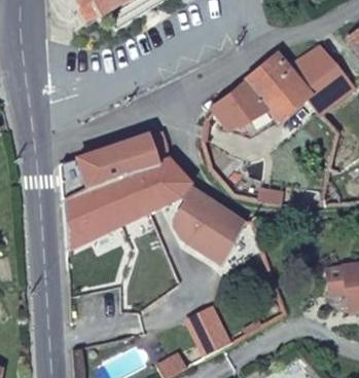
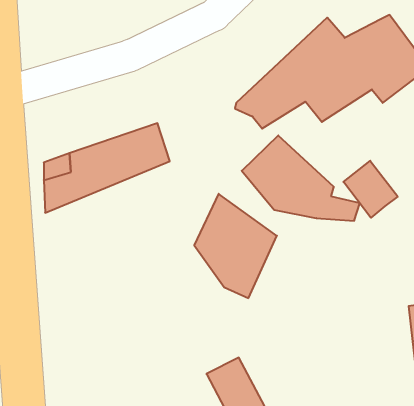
building: [64,153,193,245] -> none
building: none -> [343,161,398,218]

